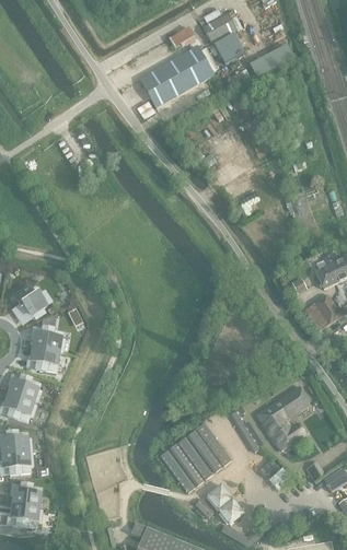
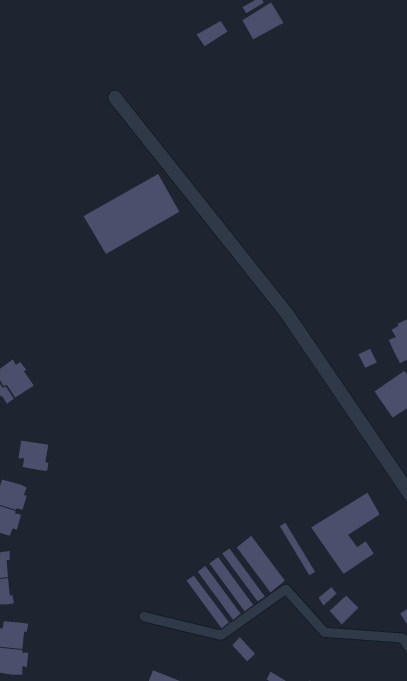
building: [212,32,243,62] -> none
building: [138,45,212,107] -> [82,173,180,255]
building: [250,45,290,74] -> none
building: [34,328,63,350] -> none
building: [203,484,236,520] -> none

